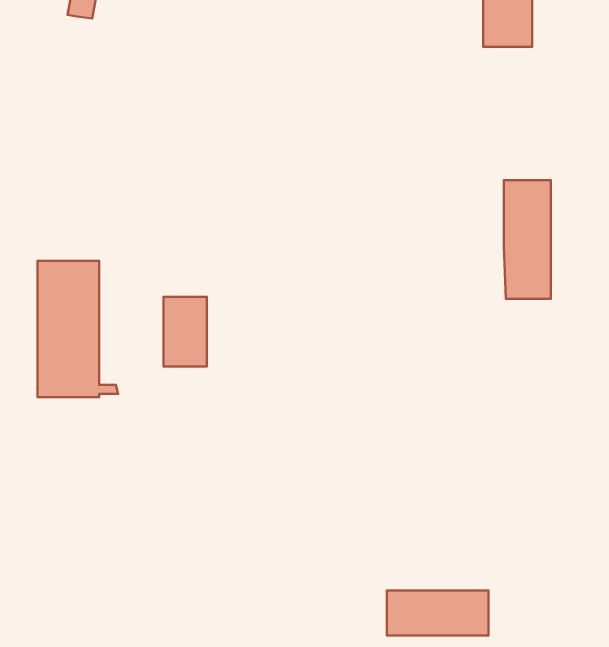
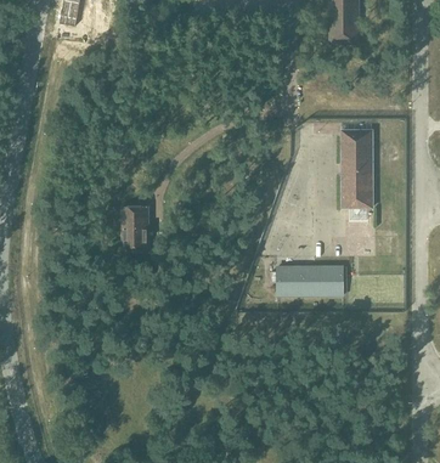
building: [38,261,118,397] -> none
building: [387,590,488,636] -> [277,267,343,297]

